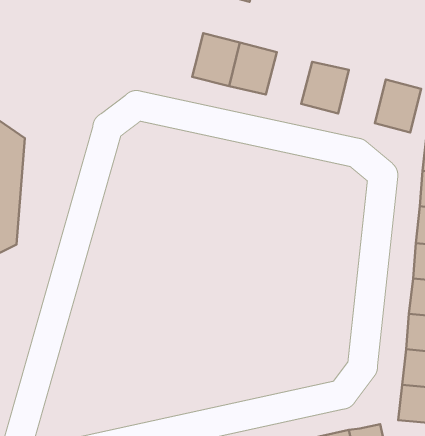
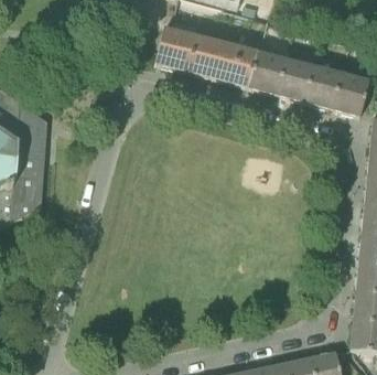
building: none -> [155,26,193,69]
building: none -> [244,50,281,92]
building: none -> [302,64,341,107]

